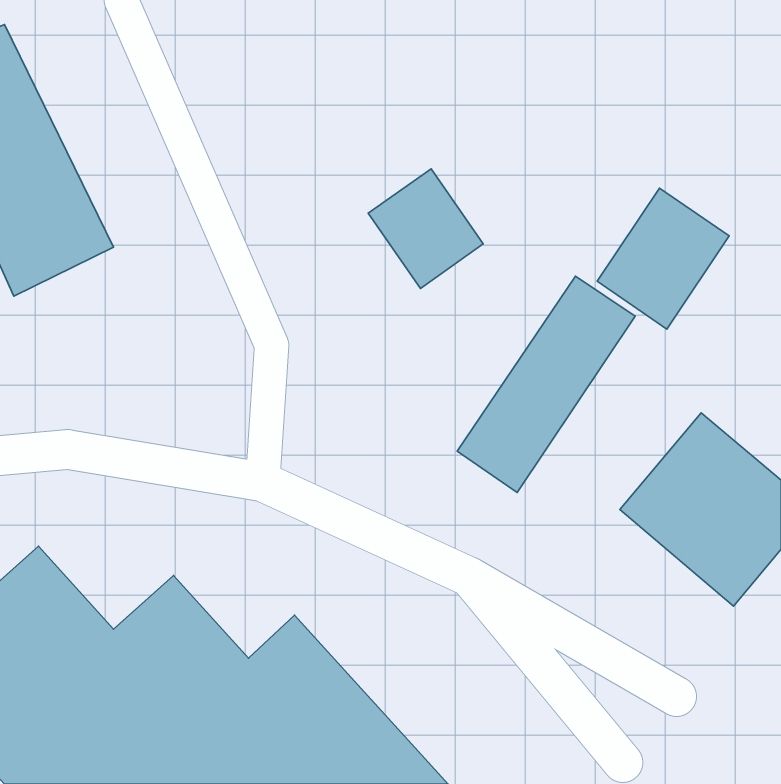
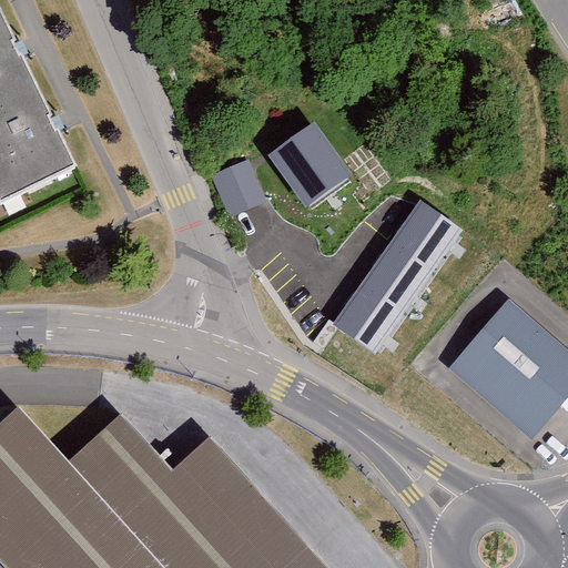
building: [597,188,729,329] -> none
building: none -> [210,160,264,216]

